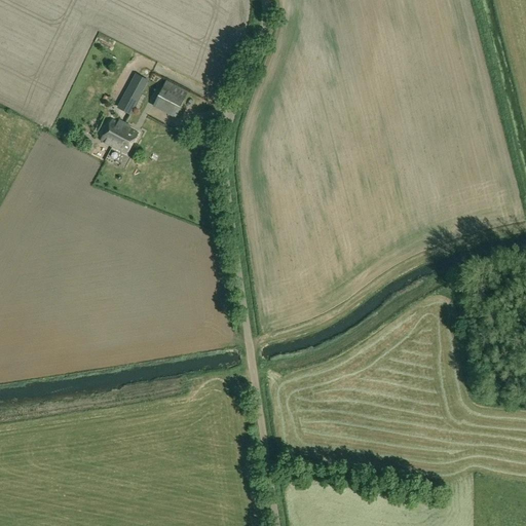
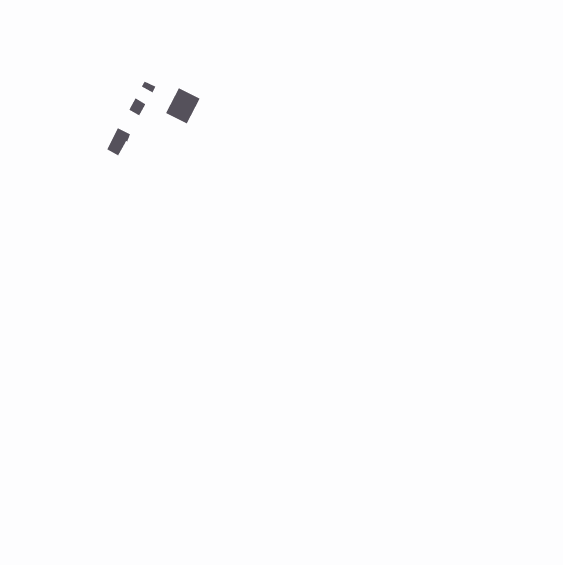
building: [110,124,136,153] -> none

